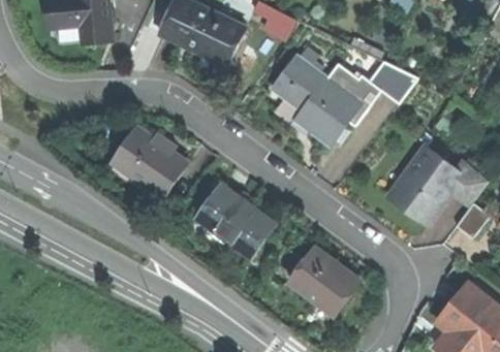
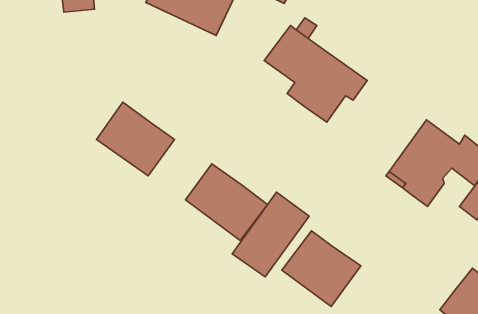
building: [326,60,417,106] -> none
building: none -> [232,192,309,277]

